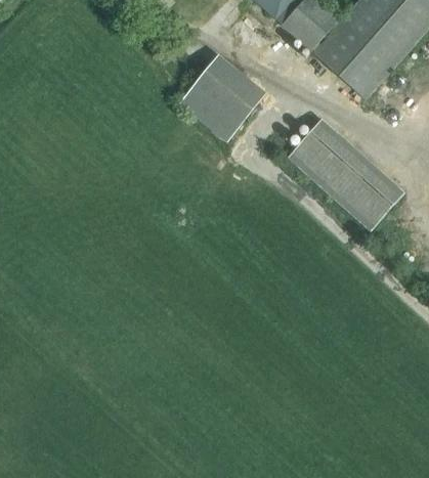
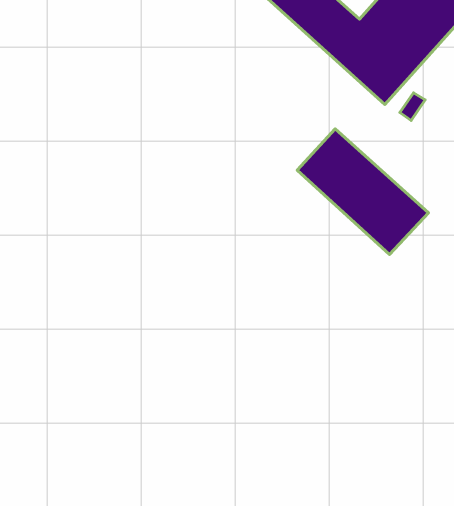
building: [186,51,277,142] -> none

